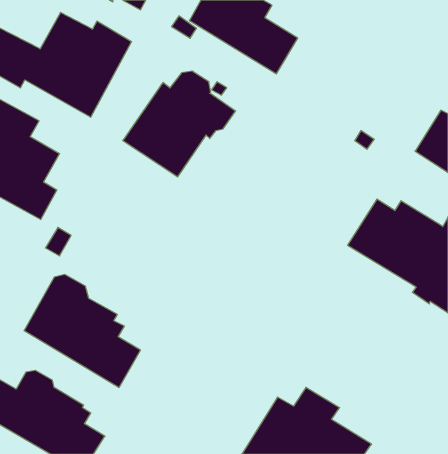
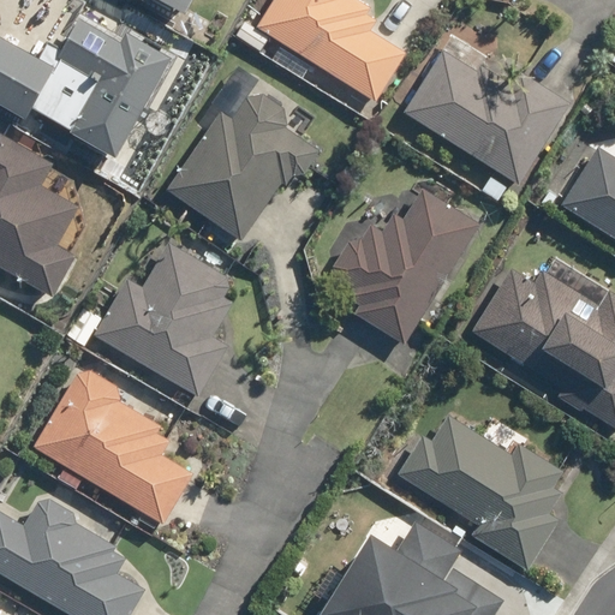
building: none -> [401,50,571,185]
building: none -> [332,191,478,345]
building: none -> [94,244,232,395]
building: none -> [398,419,561,571]

